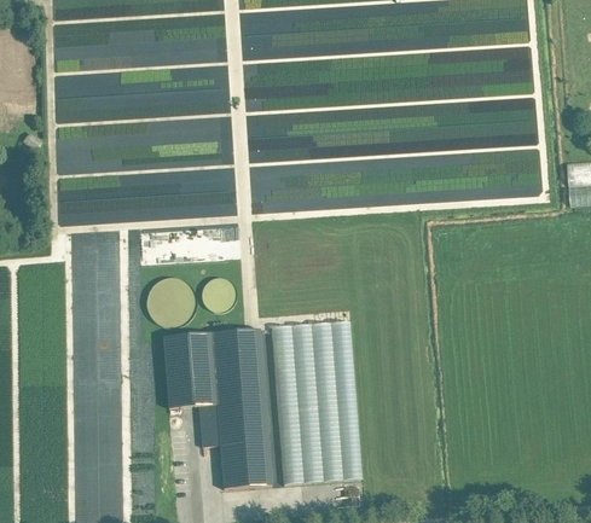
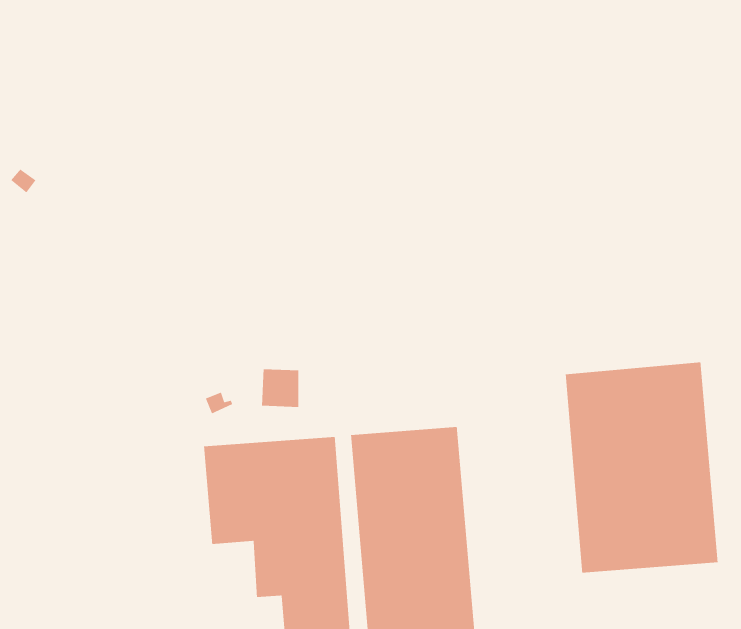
building: none -> [565,361,718,574]

